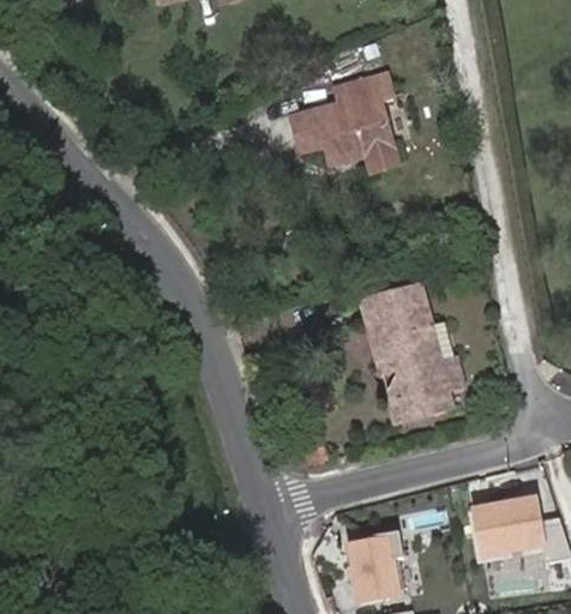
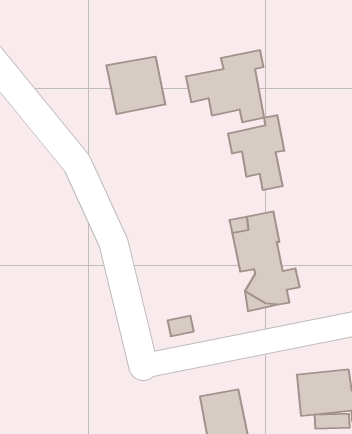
building: none -> [106,57,165,114]
building: none -> [228,115,284,190]

